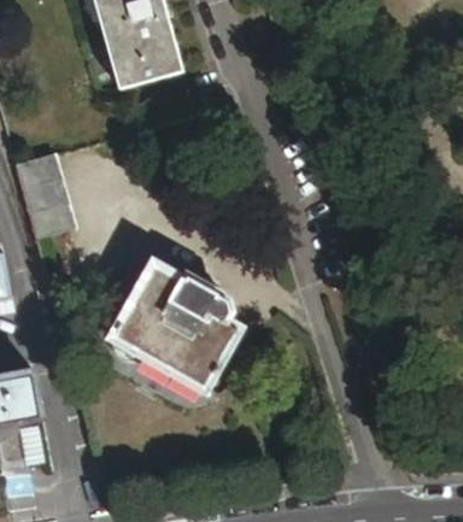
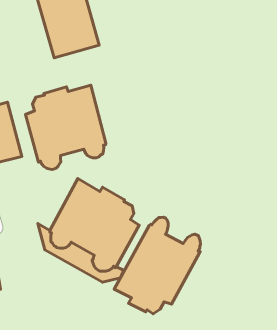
building: none -> [26,85,106,170]
building: none -> [114,217,200,314]

